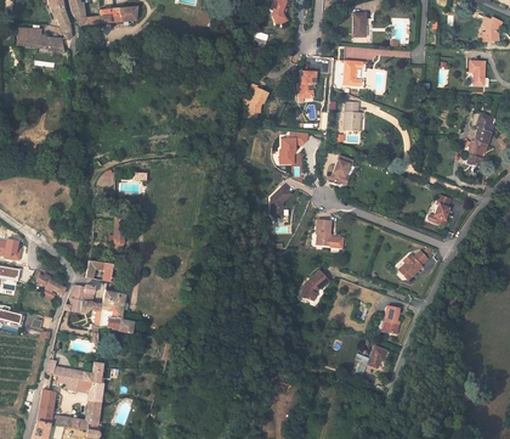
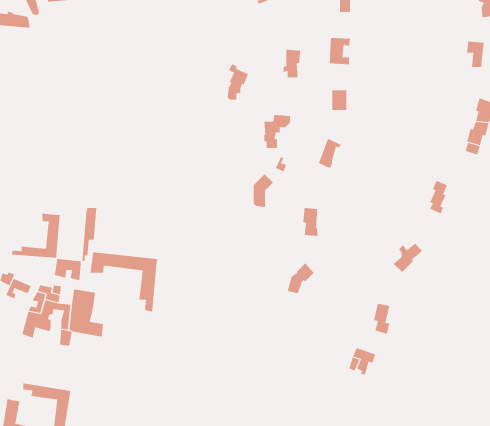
building: none -> [11,213,60,259]
building: none -> [90,252,158,312]
building: [47,361,104,385] -> none

